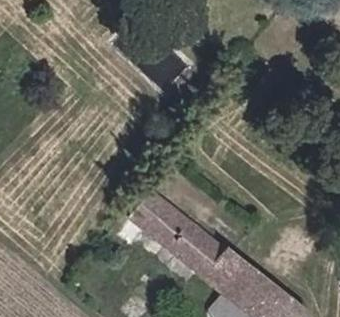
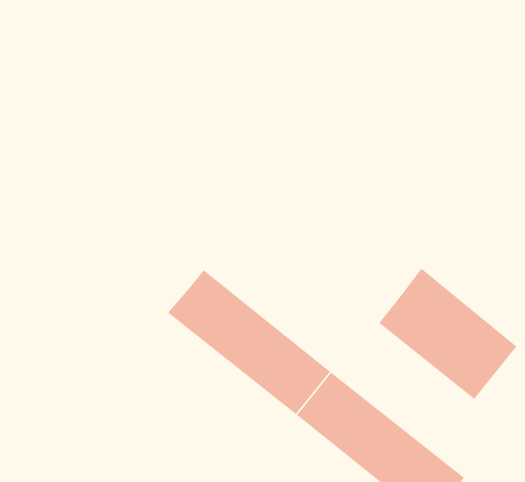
building: none -> [379,268,517,400]

